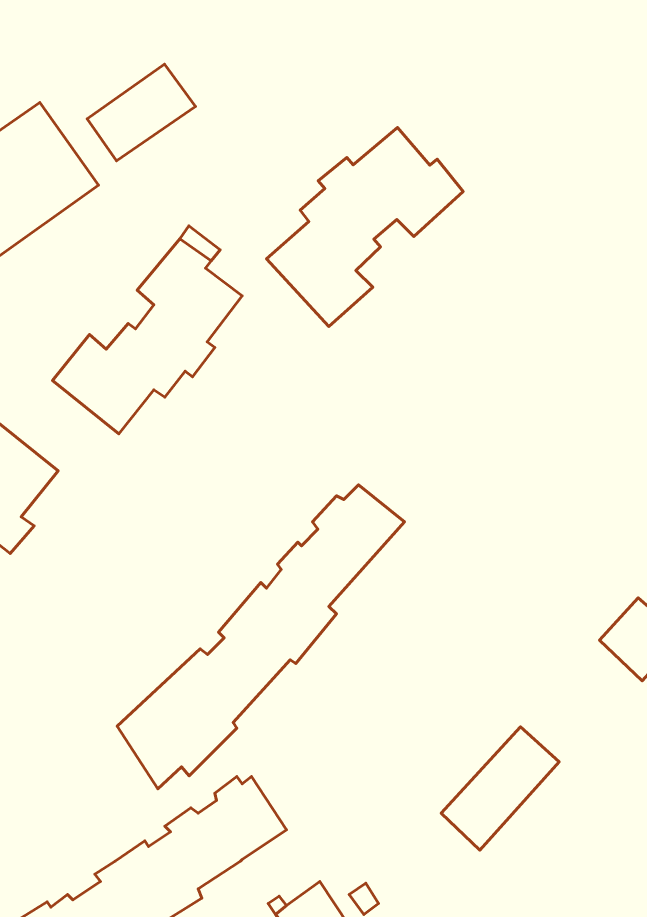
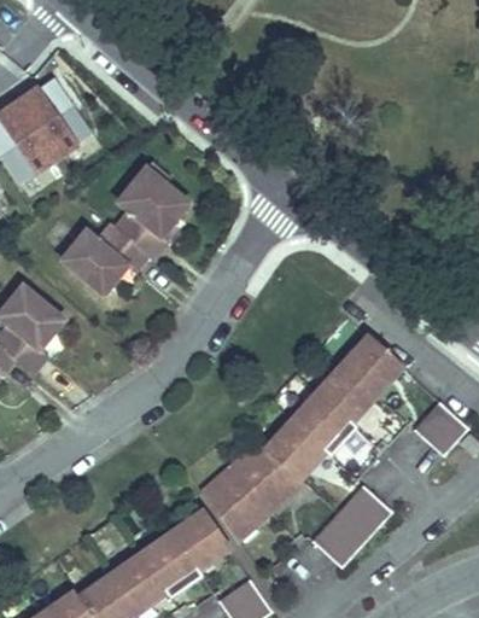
building: [87,64,196,161] -> none
building: [266,128,463,327] -> none
building: [117,485,405,789] -> [192,342,380,541]

